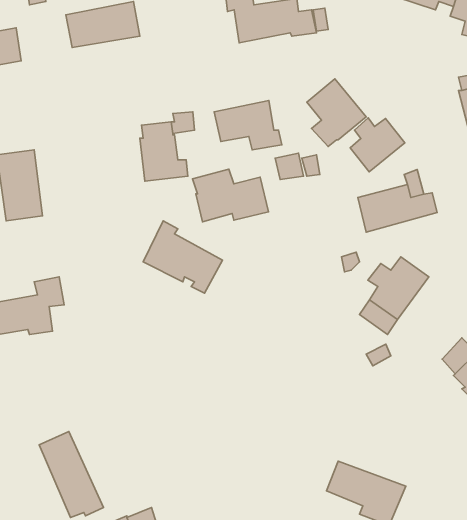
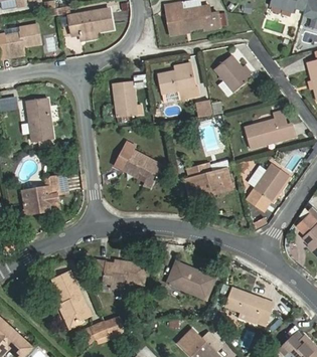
building: [350,118,405,172] -> none
building: [192,169,268,222] -> [186,163,232,195]
building: none -> [95,260,146,286]
building: none -> [167,263,215,299]

